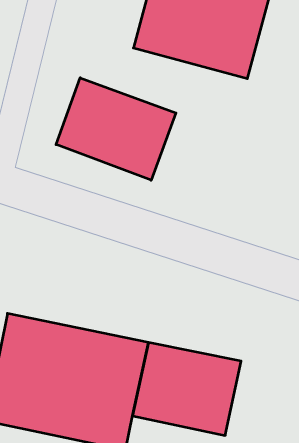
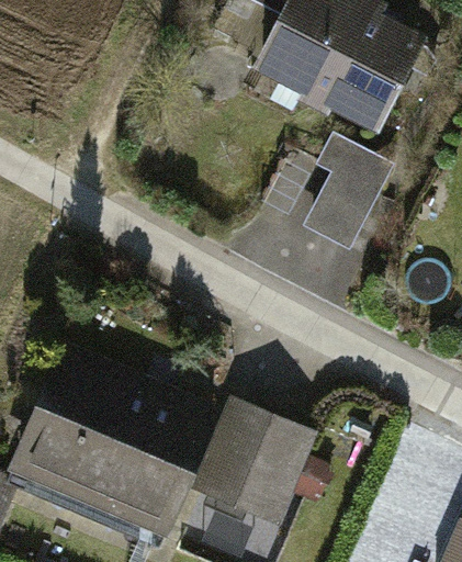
building: [56,78,176,180] -> none
building: none -> [304,143,392,246]

